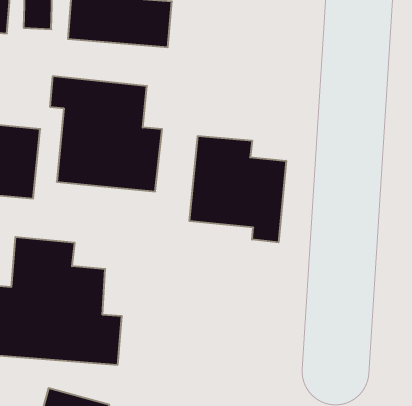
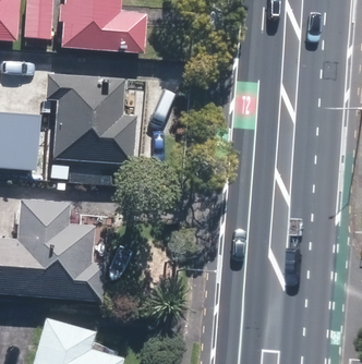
building: [189,136,286,242] -> none

